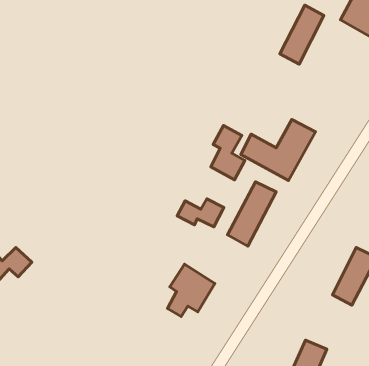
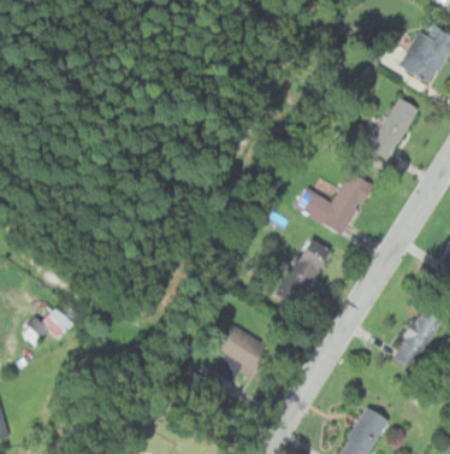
building: [280,5,324,64] -> [372,96,419,159]
building: [211,125,245,180] -> none
building: [177,199,224,227] -> none

